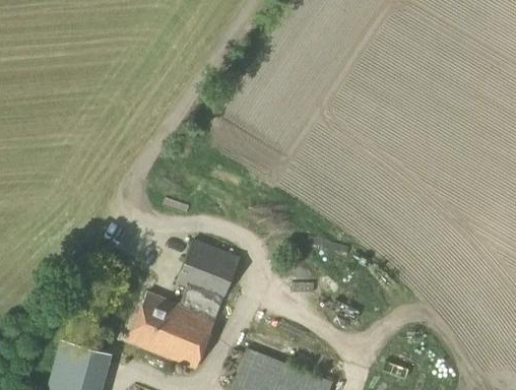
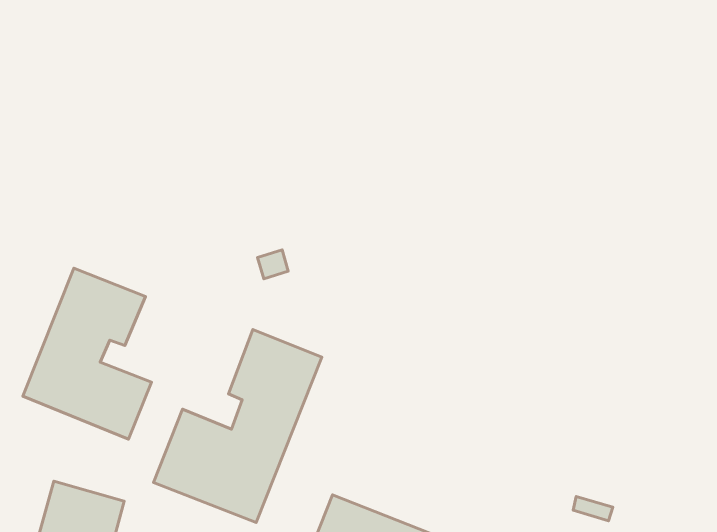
building: none -> [23,268,151,439]

